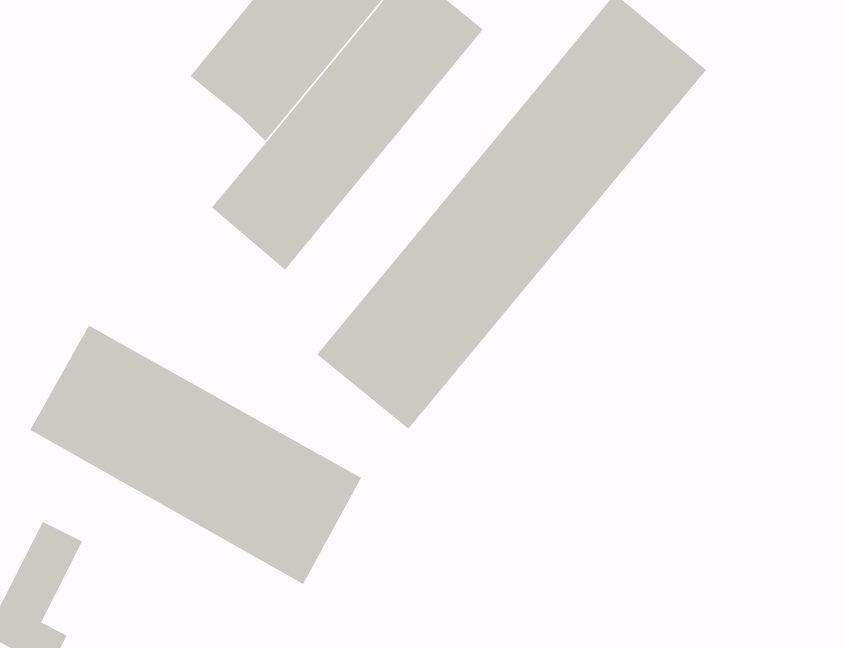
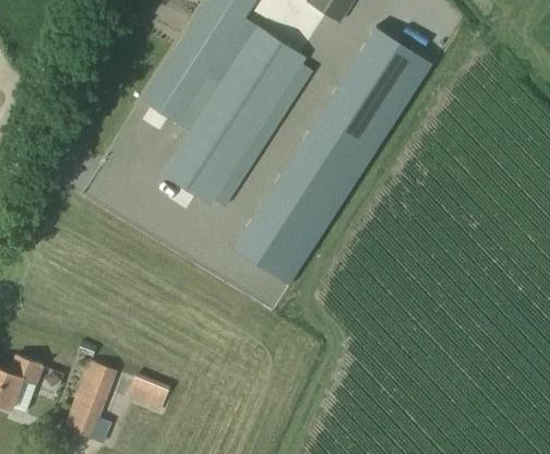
building: [29,324,362,585] -> none
building: none -> [128,373,170,411]

